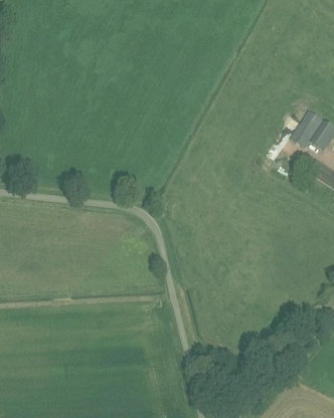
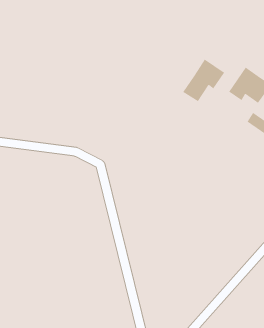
building: none -> [182,59,225,102]

